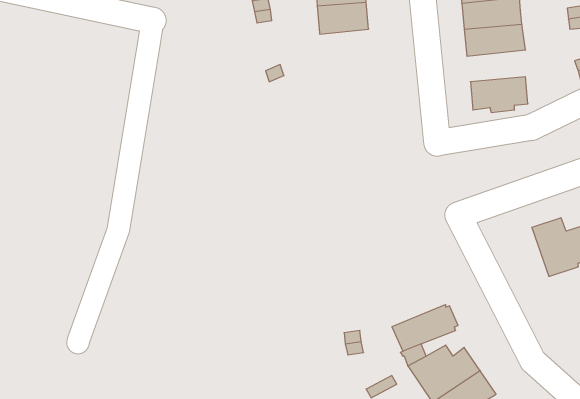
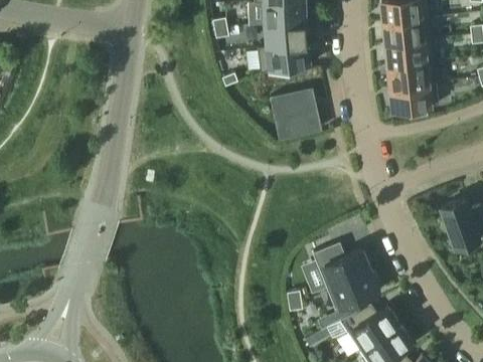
building: none -> [257,43,311,73]
building: none -> [387,60,436,86]
building: none -> [270,87,321,138]
building: none -> [314,245,370,288]

